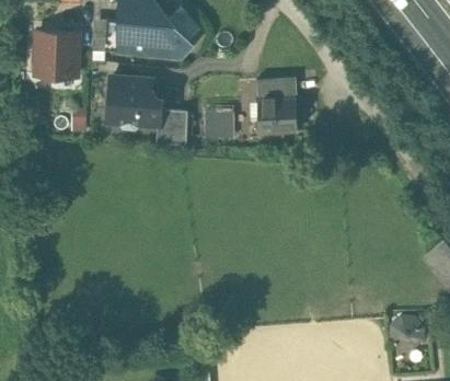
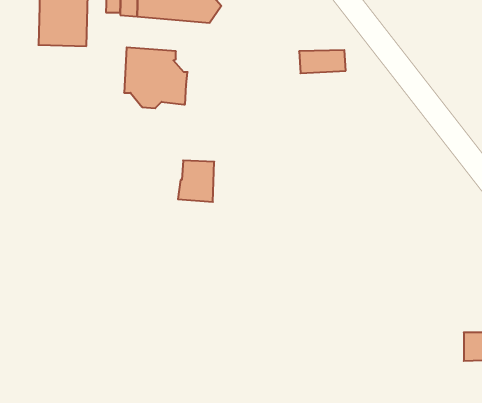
building: [256,97,296,135] -> none
building: [155,109,186,145] -> [178,160,214,202]
building: [205,113,232,140] -> none

